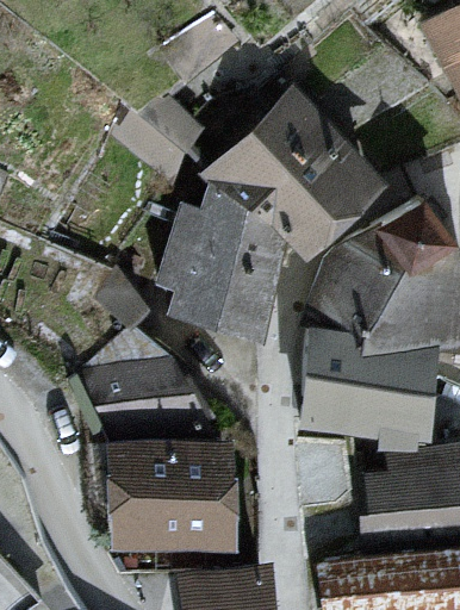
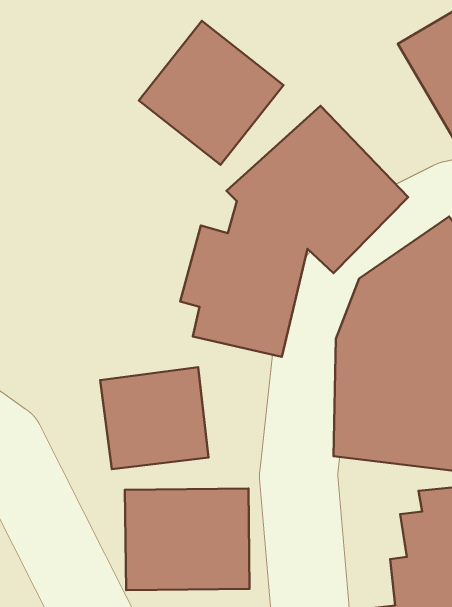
building: none -> [139,21,284,165]

